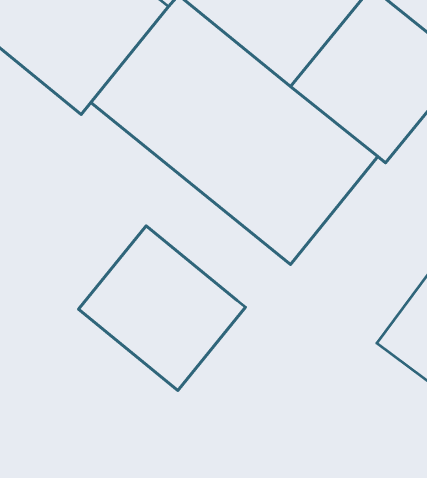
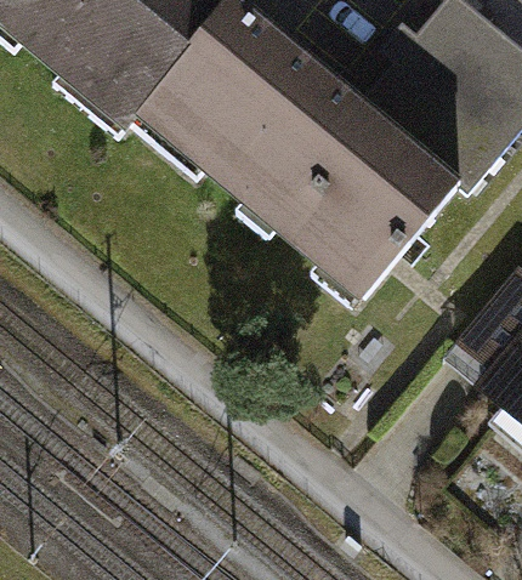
building: [78,226,245,390] -> none

